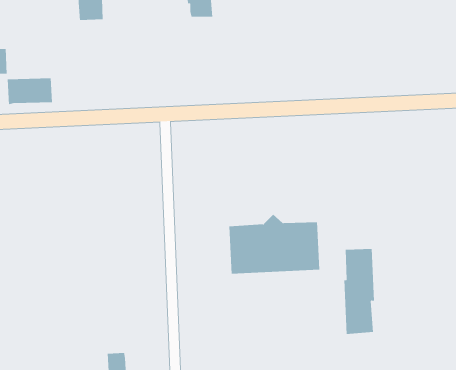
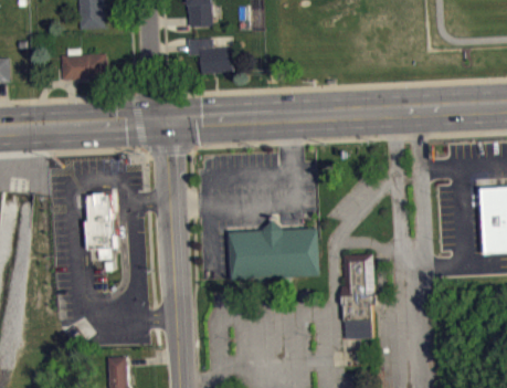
building: none -> [189,38,233,73]
building: [7,78,53,105] -> [62,53,107,80]
building: none -> [87,193,117,250]

